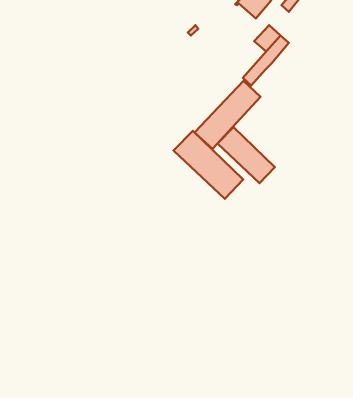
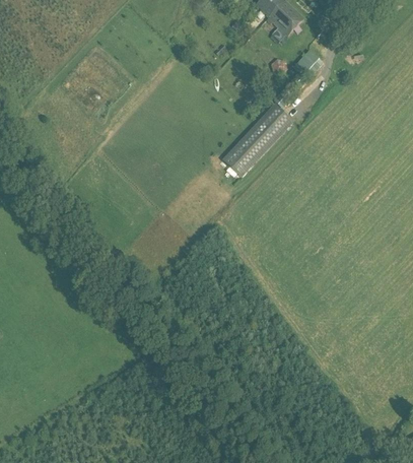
building: [217,127,275,183] -> none
building: [173,131,243,199] -> none

